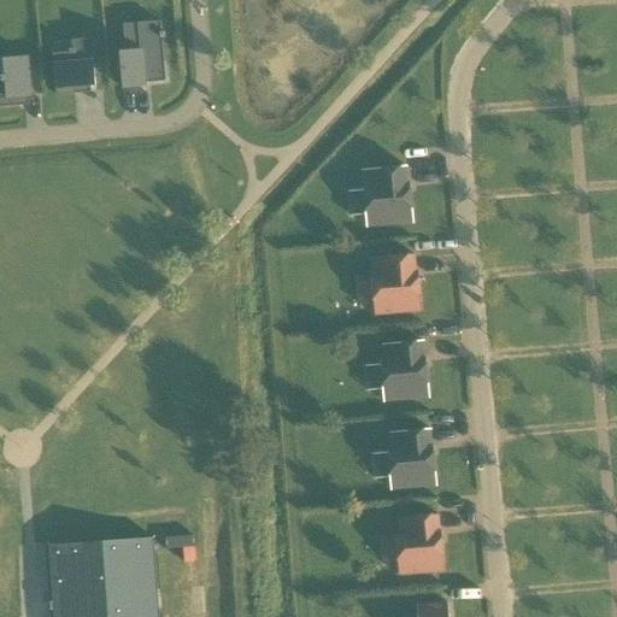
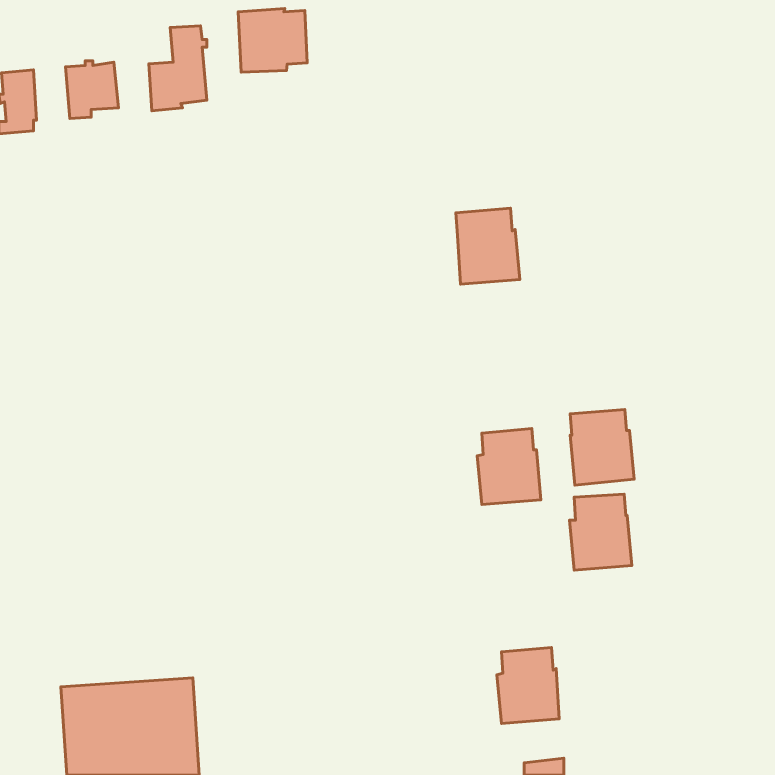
building: none -> [238,9,307,72]
building: [370,255,421,316] -> [570,409,634,485]
building: [387,429,436,489] -> [570,494,632,570]

